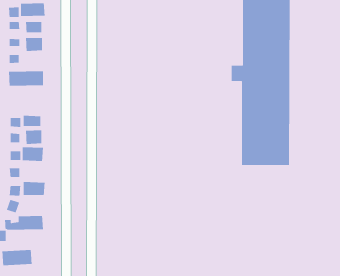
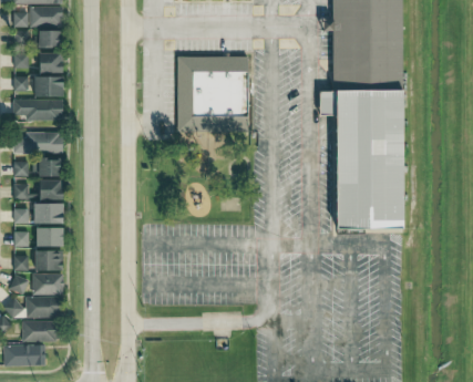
building: none -> [177,55,248,124]
building: none -> [33,76,63,96]
building: none -> [16,132,63,153]
building: none -> [35,228,63,247]
building: none -> [34,273,65,295]
building: none -> [24,320,59,342]

